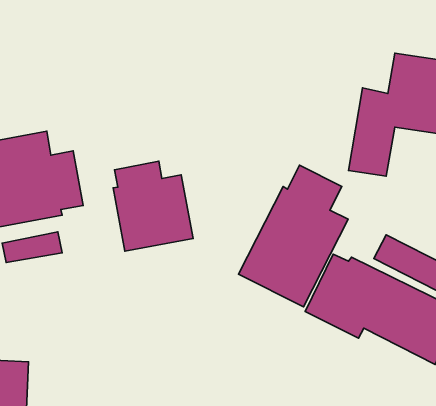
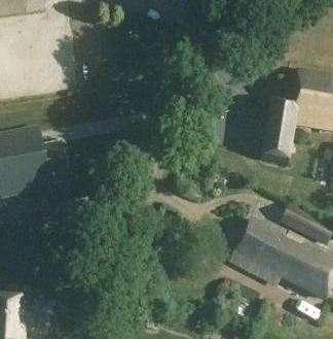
building: [113,161,193,251] -> none
building: [238,165,348,307] -> none

